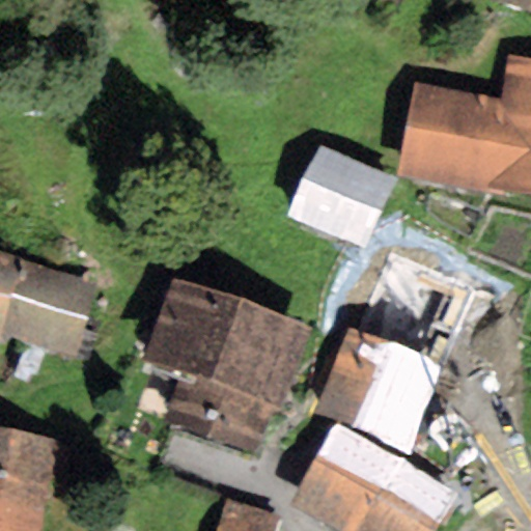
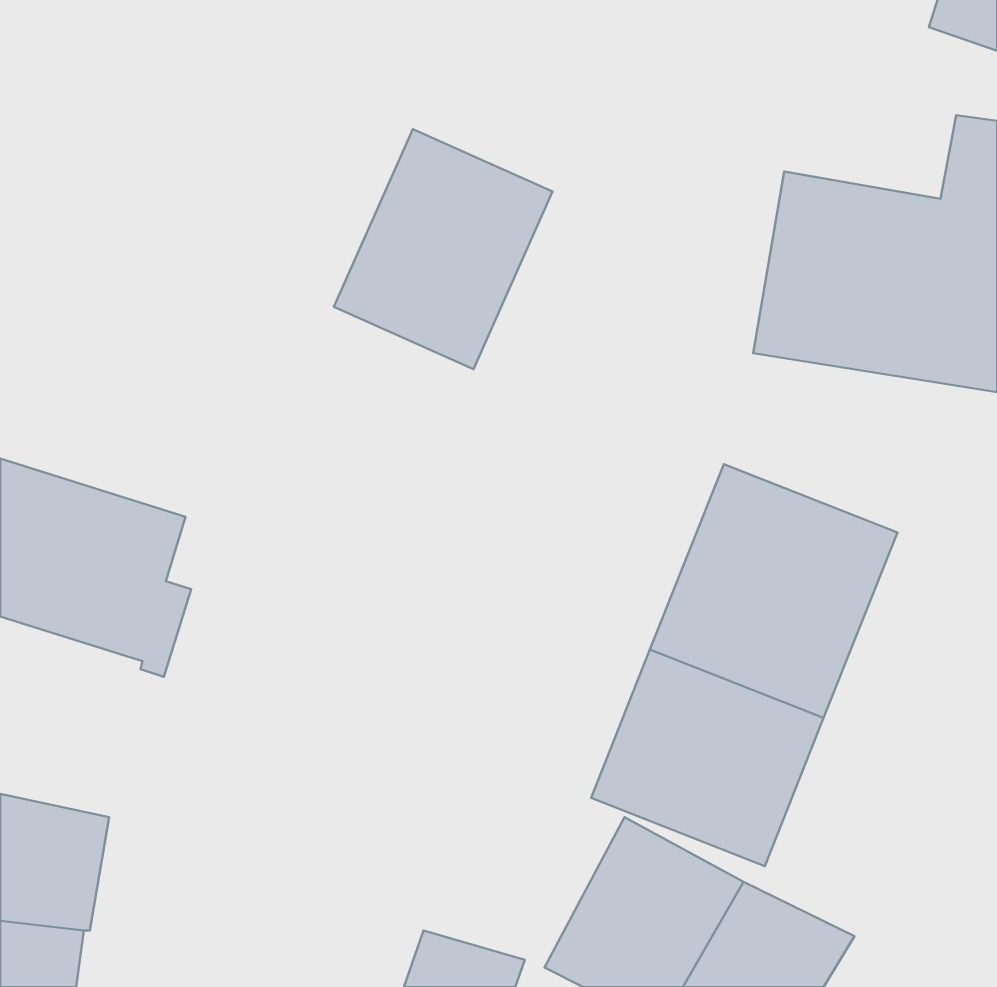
building: none -> [334,129,553,369]
building: [286,151,398,262] -> none
building: [143,272,310,451] -> none

